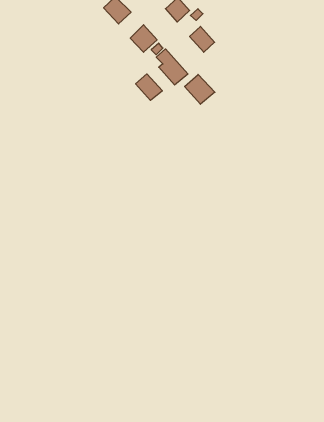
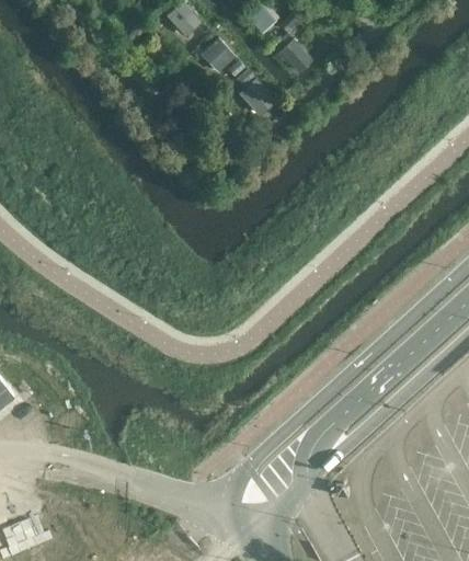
building: [136,74,162,100] -> none
building: [185,74,215,104] -> none

